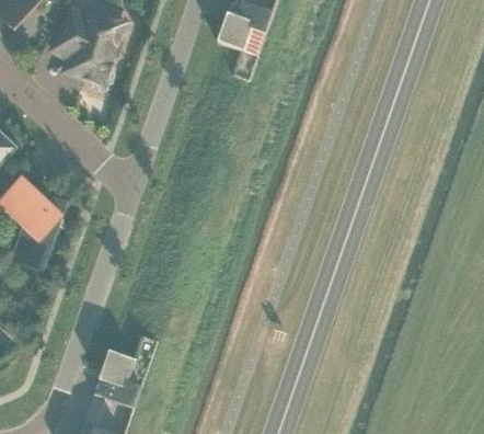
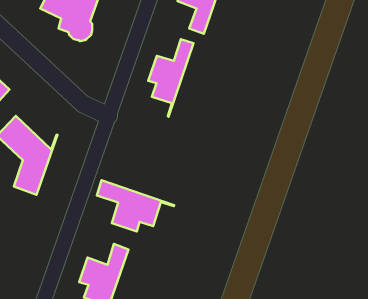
building: none -> [148,39,194,117]
building: none -> [97,180,174,232]

